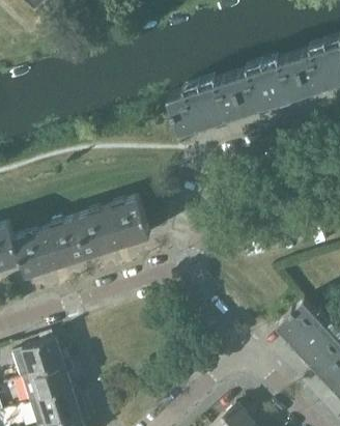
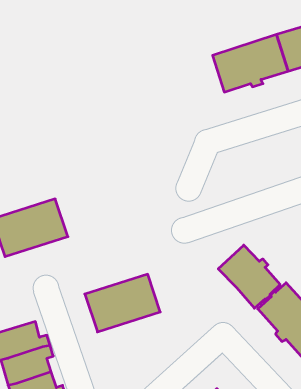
building: [167,79,243,136] -> none
building: [76,201,150,258] -> [85,274,160,332]
building: none -> [218,245,280,308]

